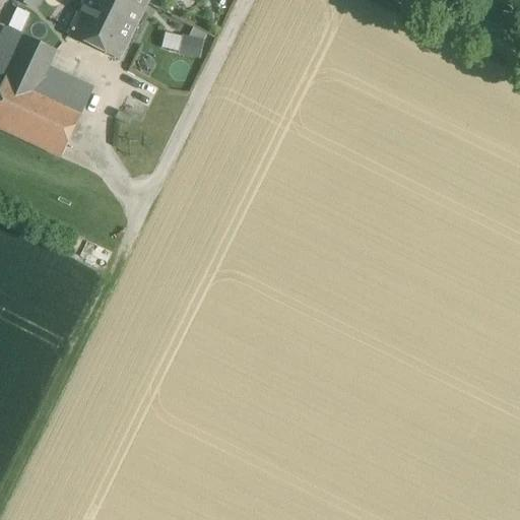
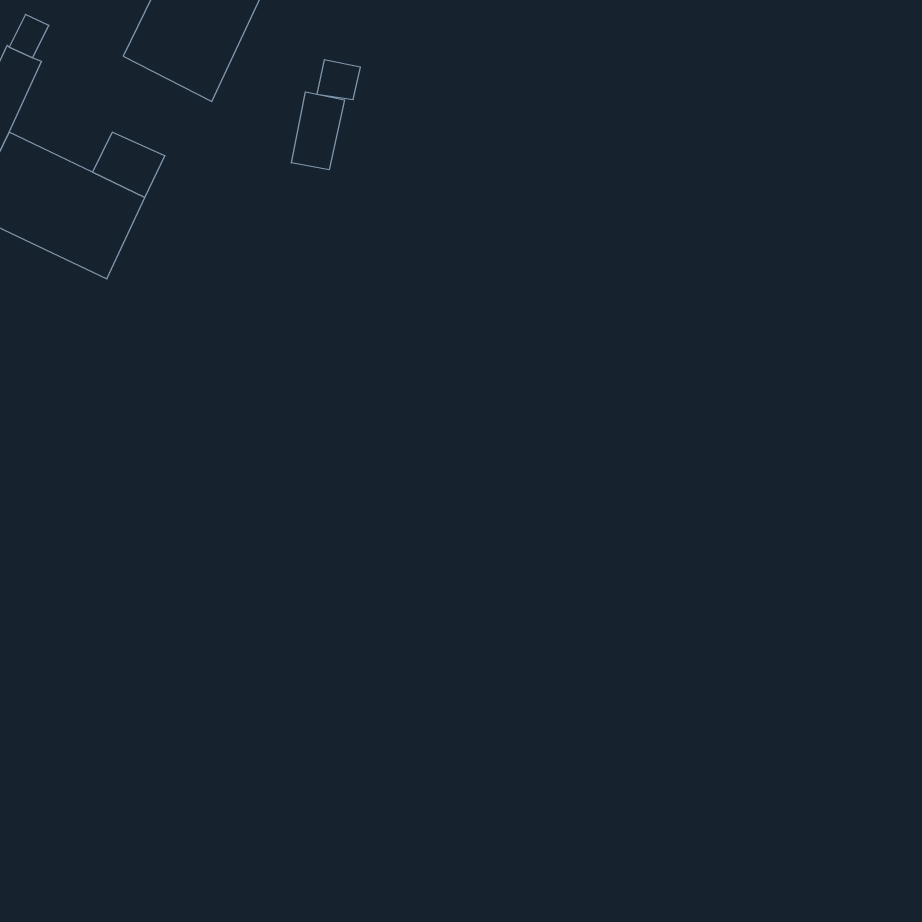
building: [5,35,63,96] -> none
building: none -> [291,92,344,170]

